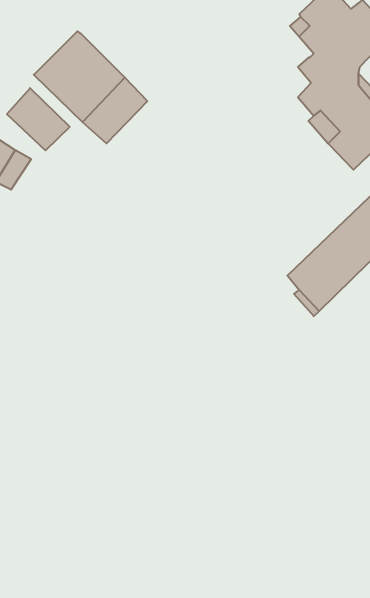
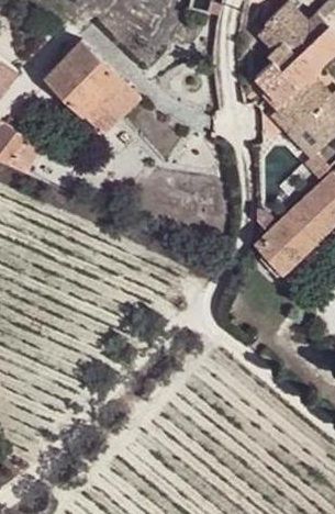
building: [7,88,70,150] -> none

